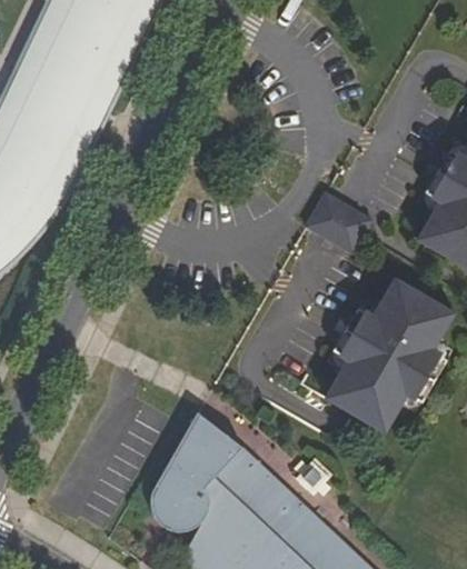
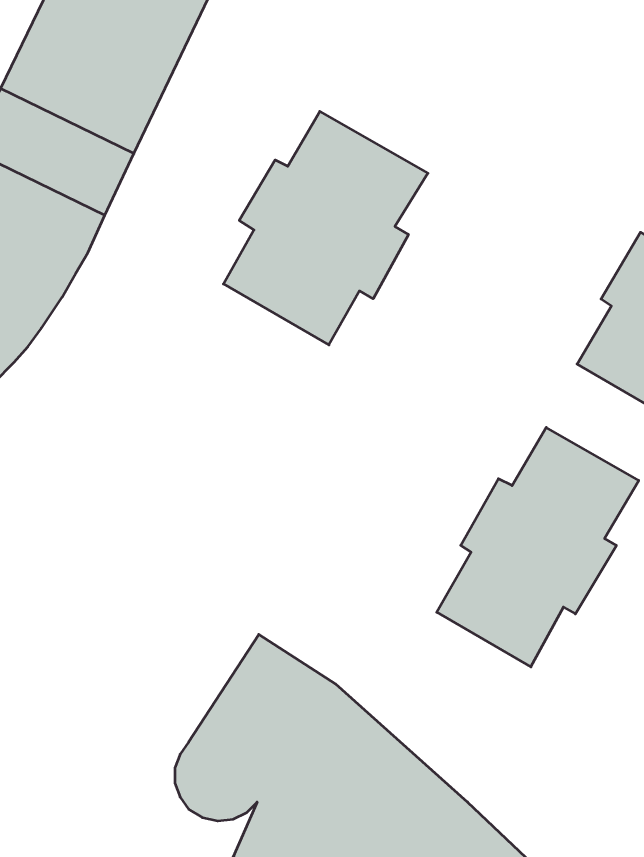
building: none -> [223,111,428,345]
building: [311,194,377,256] -> none

